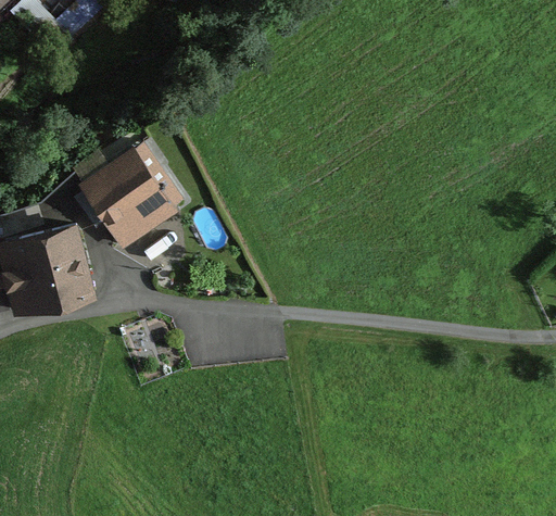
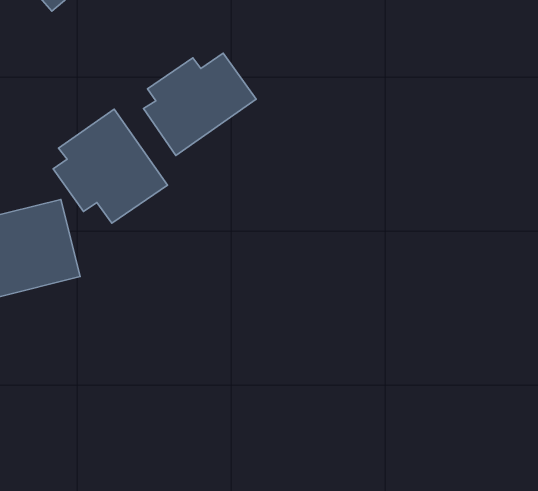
building: none -> [143,53,256,155]

